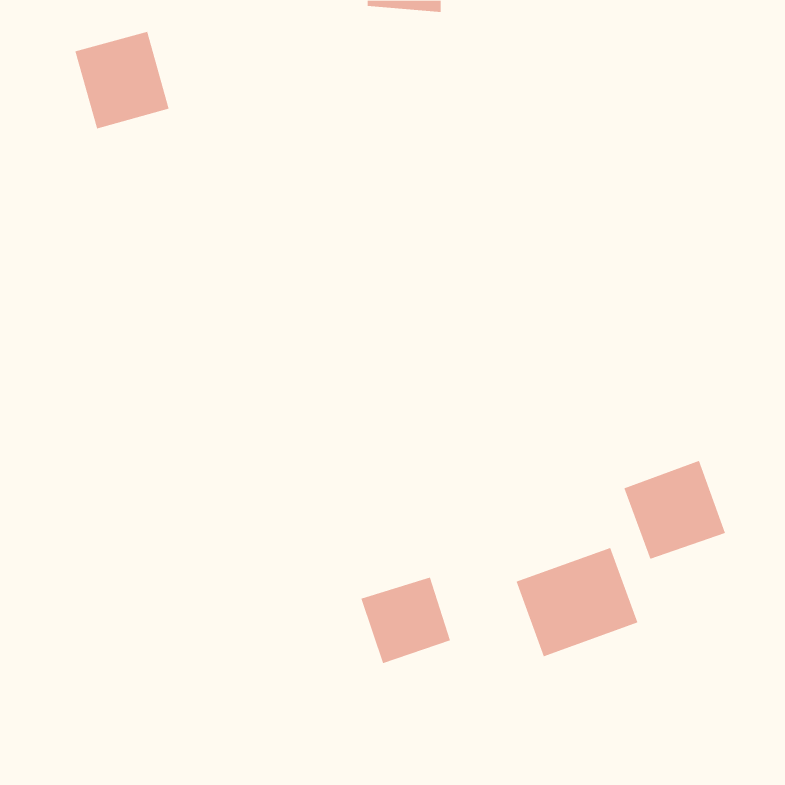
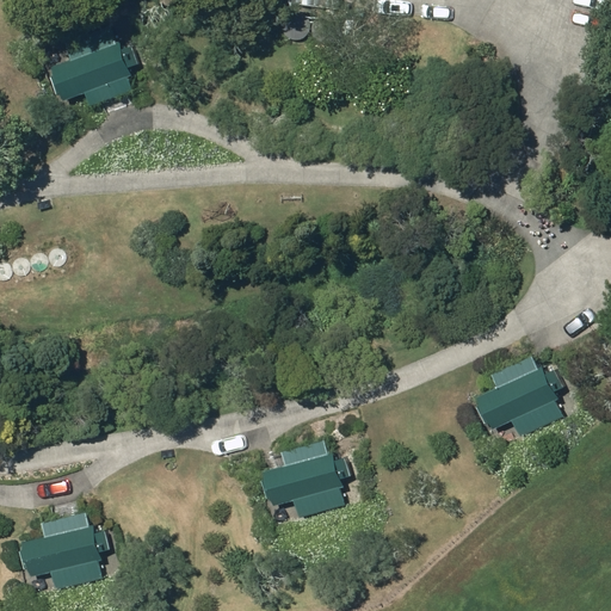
building: [516,547,638,657] -> none
building: none -> [23,521,101,593]

